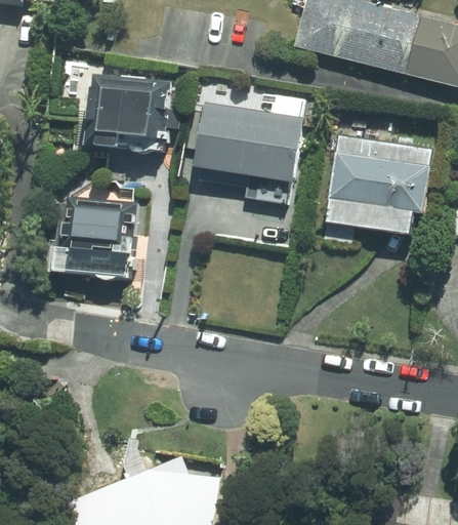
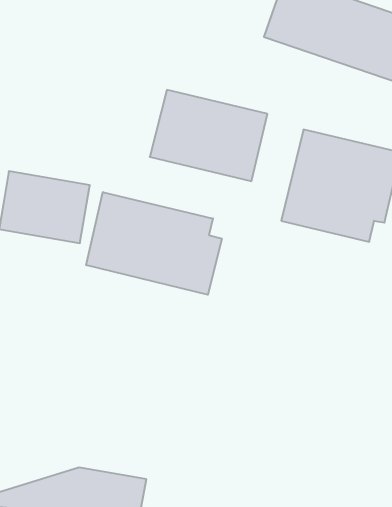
building: [83,71,171,151] -> none
building: none -> [86,192,222,295]

